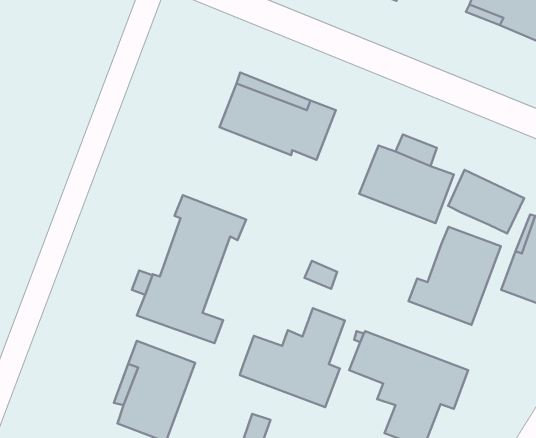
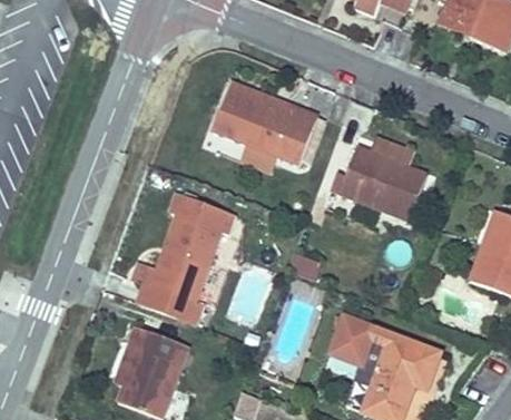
building: [448,170,524,234] -> none
building: [408,227,501,325] -> none
building: [240,308,345,407] -> none

